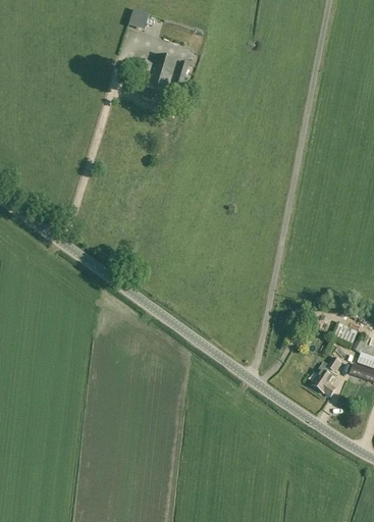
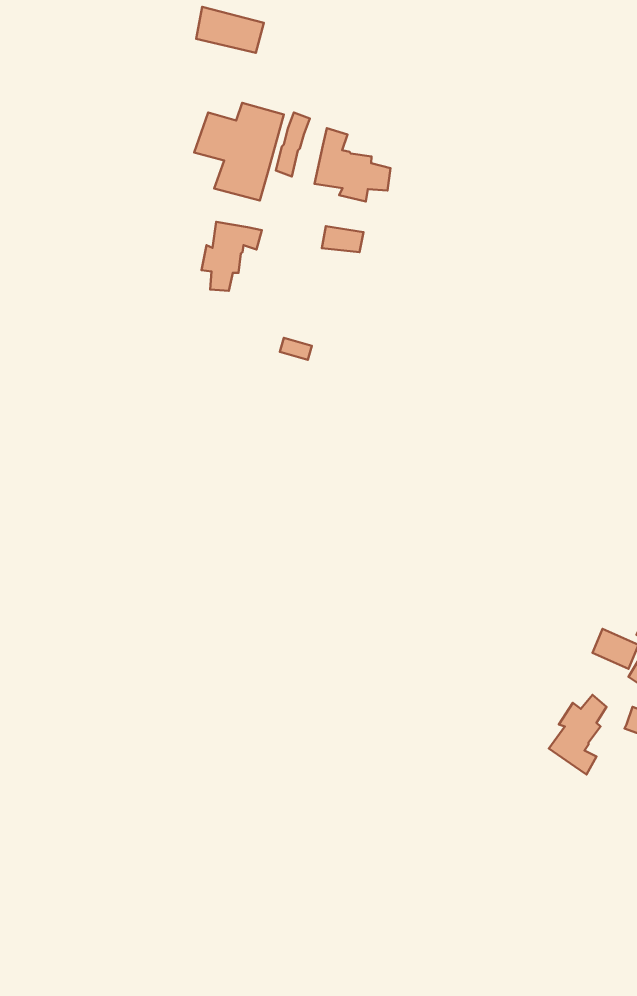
building: none -> [314,128,390,201]
building: none -> [201,222,262,291]

